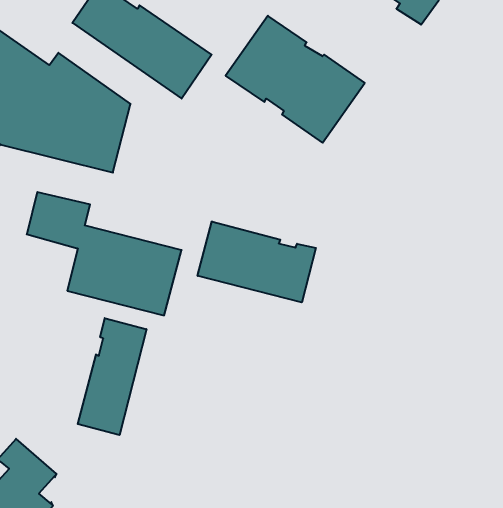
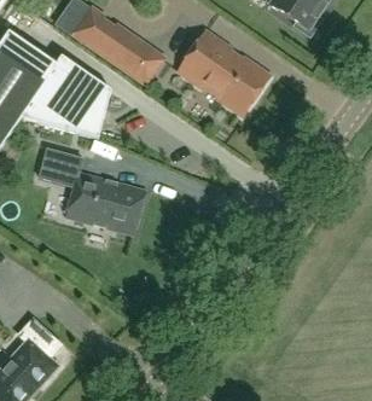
building: [198,221,316,302] -> none
building: [78,318,146,435] -> none

